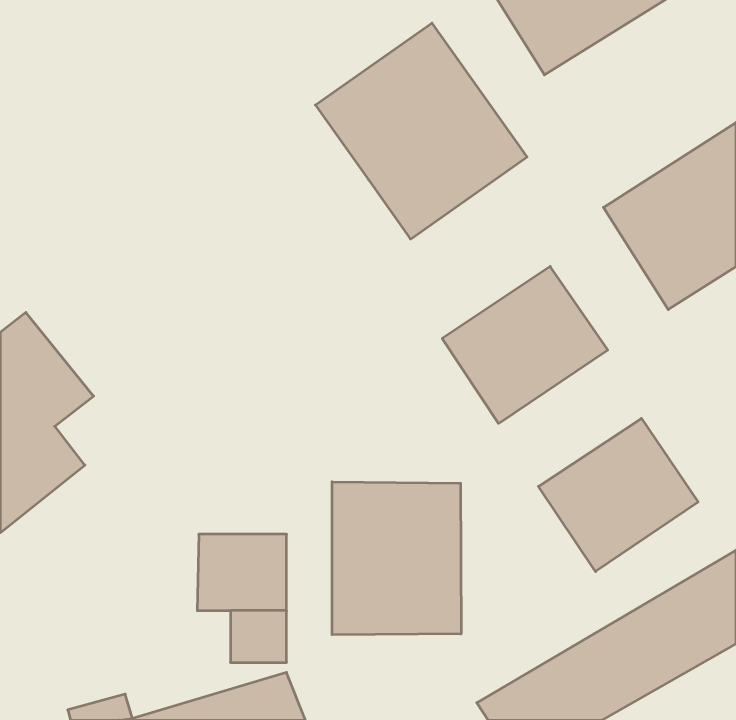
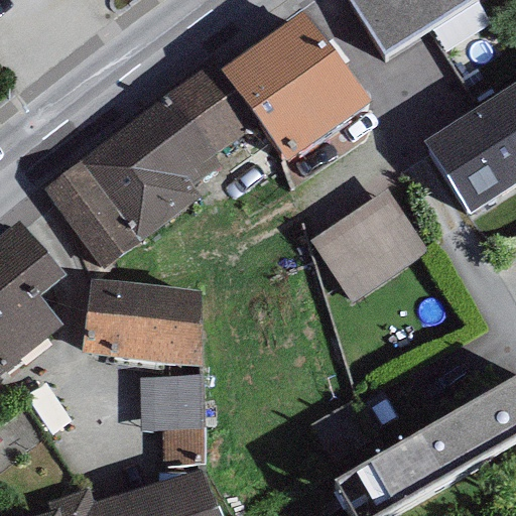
building: none -> [41,60,258,269]
building: none -> [81,279,204,364]
building: [538,418,698,572] -> none
building: [332,482,461,635] -> none

